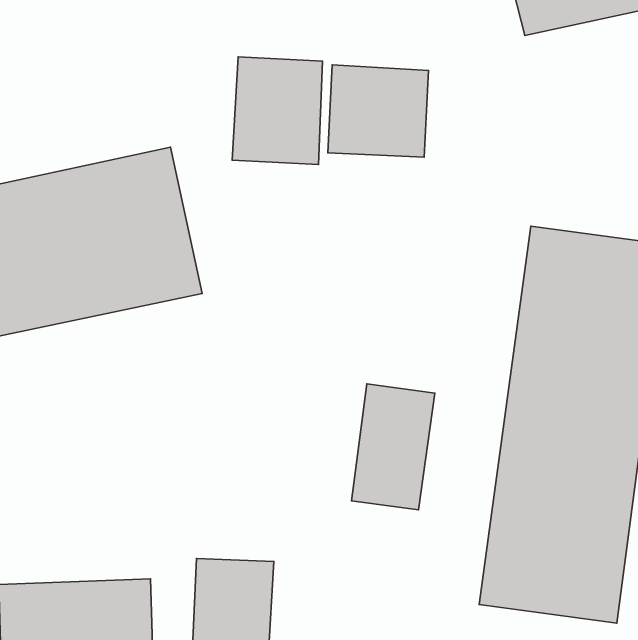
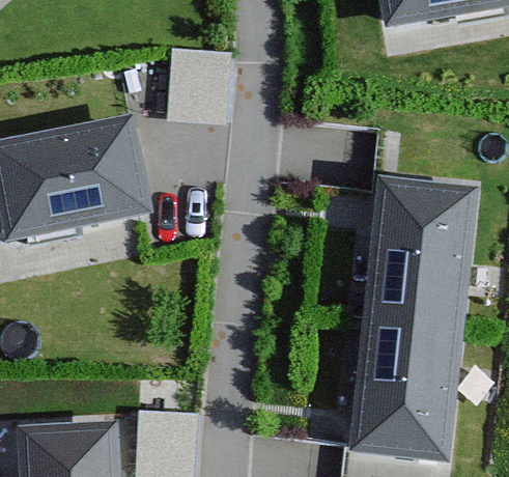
building: [328,65,429,157] -> none
building: [351,384,435,510] -> none

